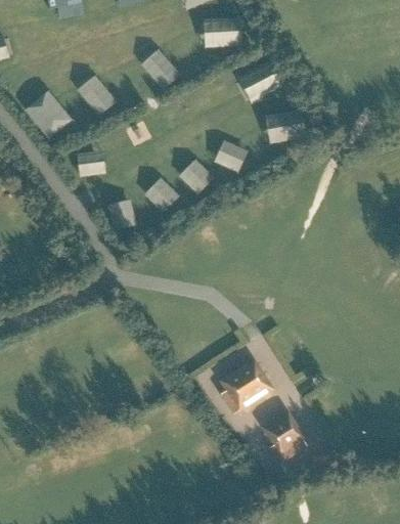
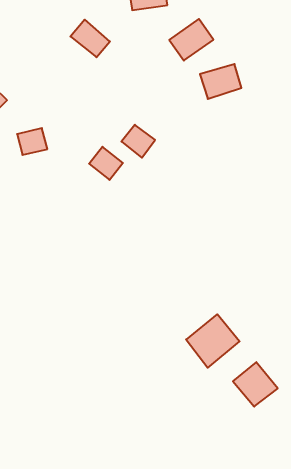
building: [77,76,115,116] -> none
building: [214,140,246,171] -> none
building: [107,200,135,229] -> none

